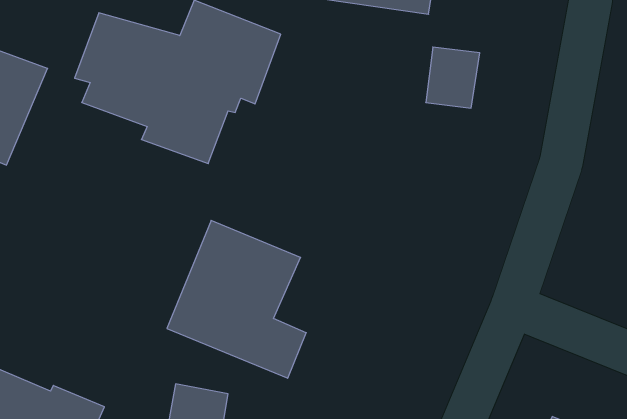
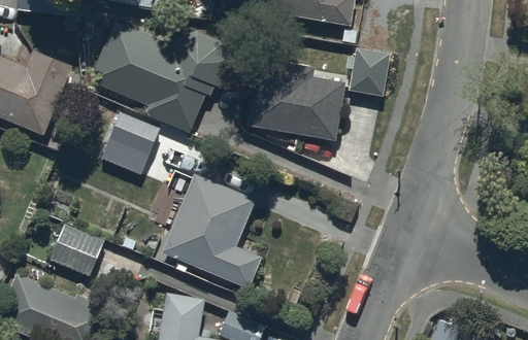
building: none -> [245,54,344,139]
building: none -> [102,114,158,174]
building: none -> [50,225,103,275]

